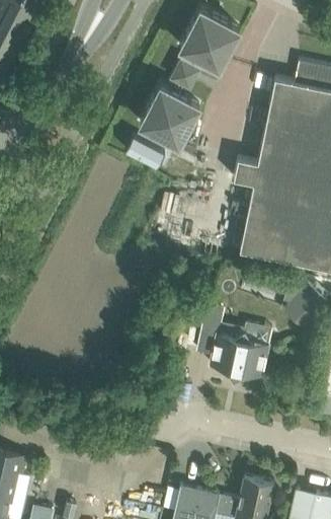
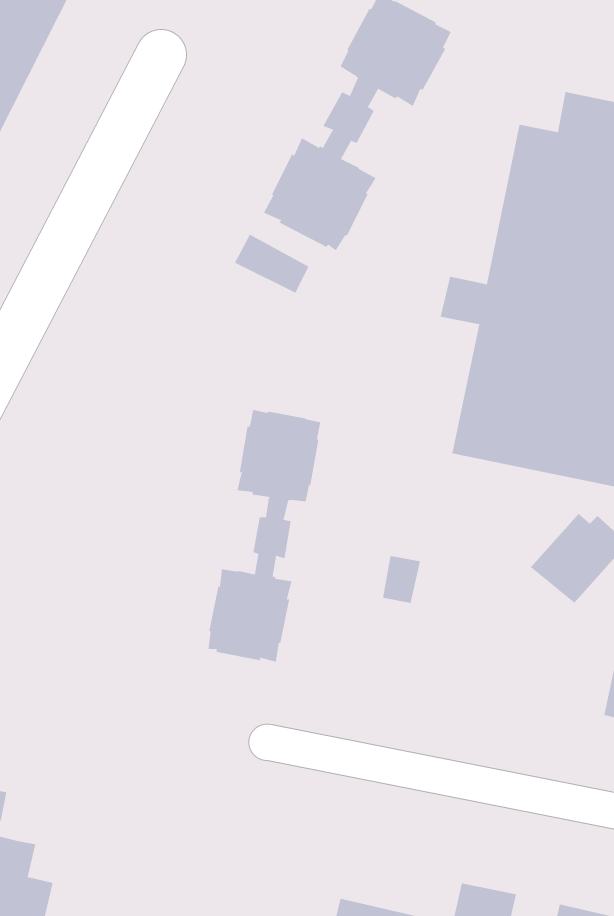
building: none -> [208,409,321,663]
building: [210,324,272,380] -> none

